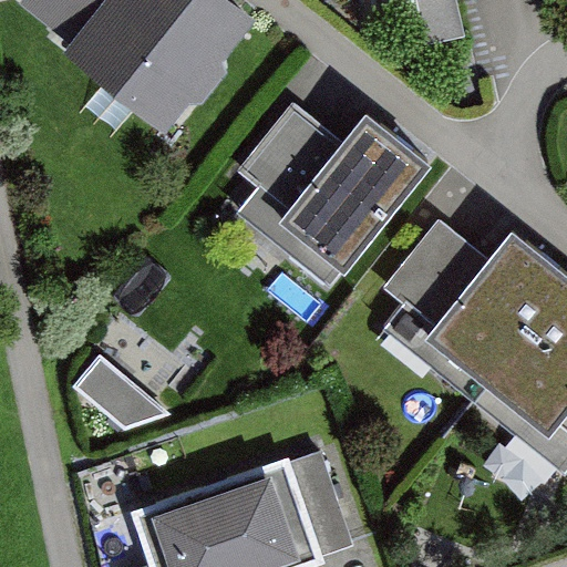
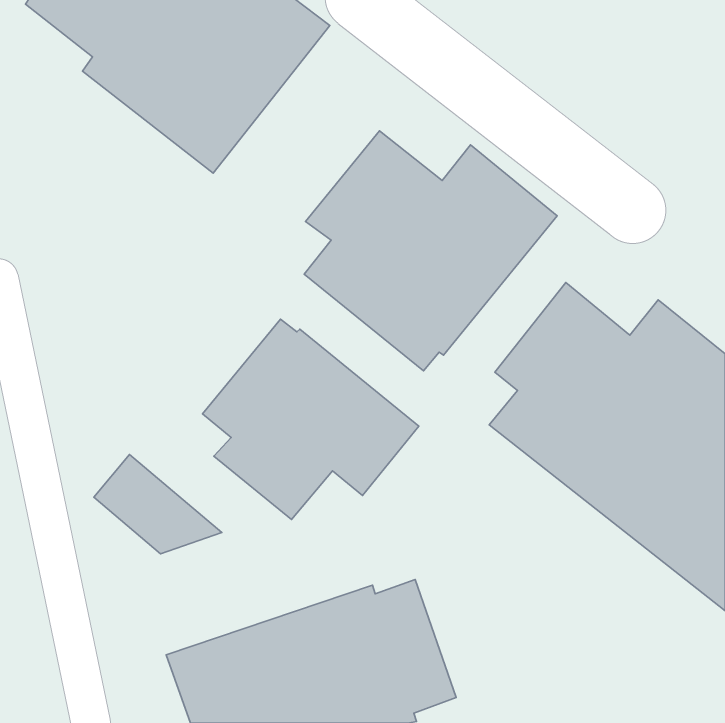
building: none -> [203,319,419,520]

